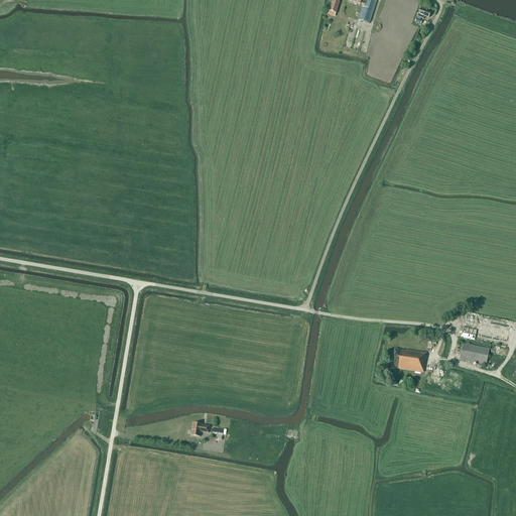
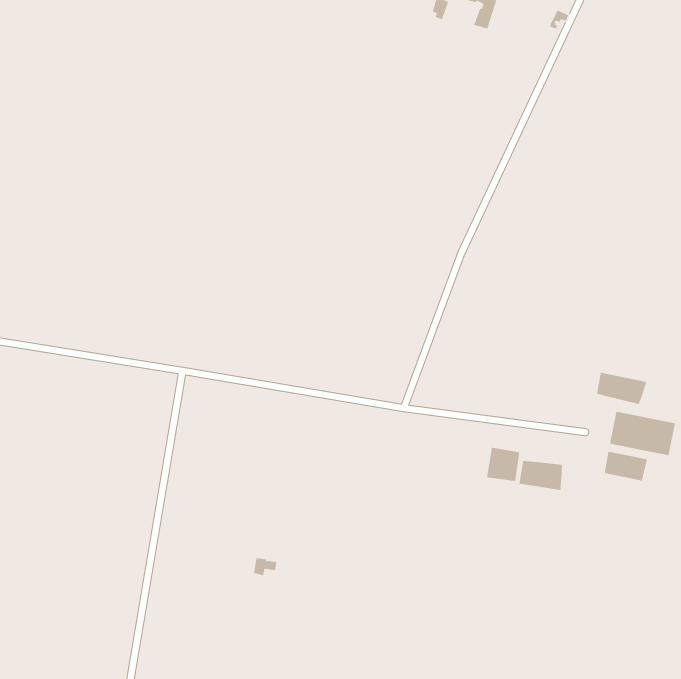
building: none -> [596,372,647,405]
building: none -> [486,447,520,482]

